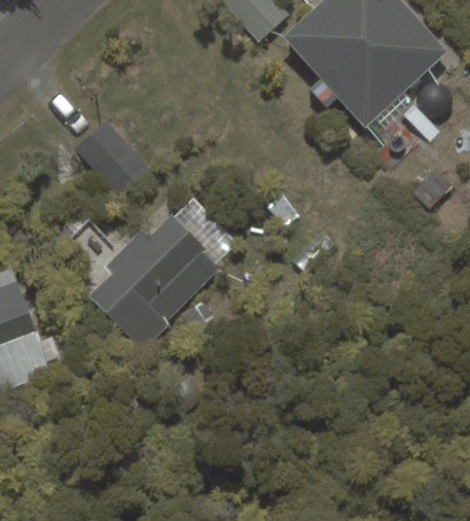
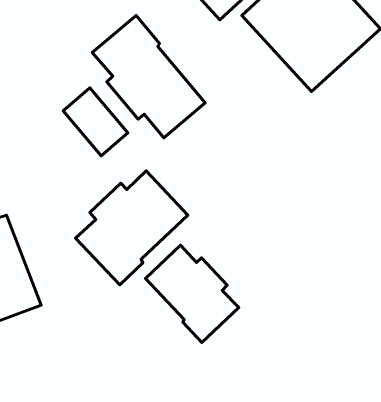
building: none -> [92,15,205,138]
building: none -> [145,245,239,343]

